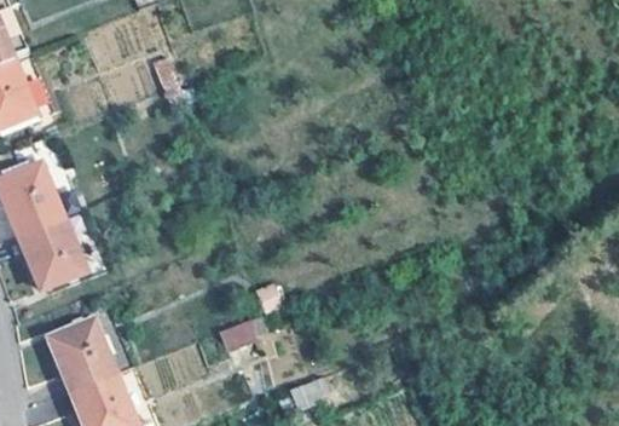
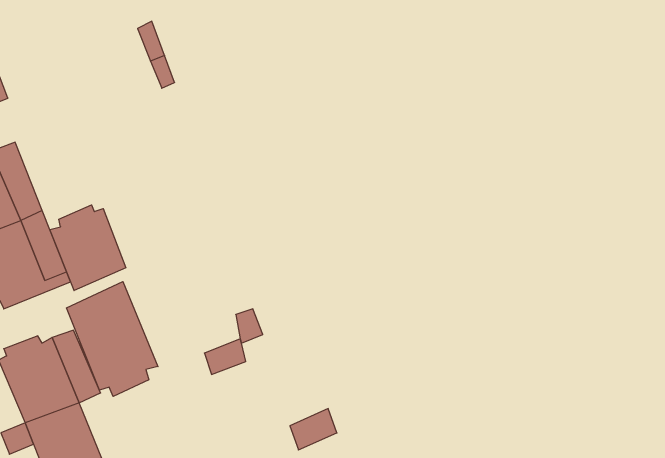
building: none -> [50,205,126,291]
building: none -> [67,282,158,396]

